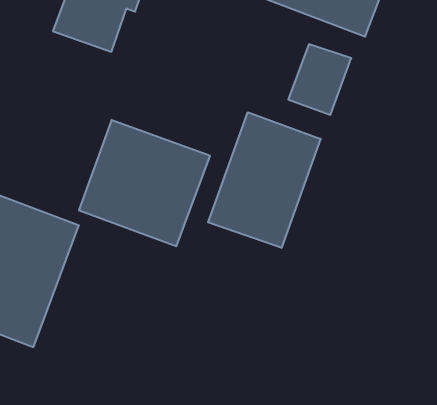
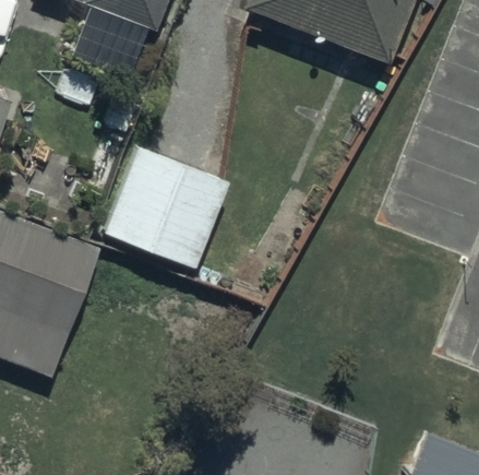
building: [208,112,321,248] -> none

